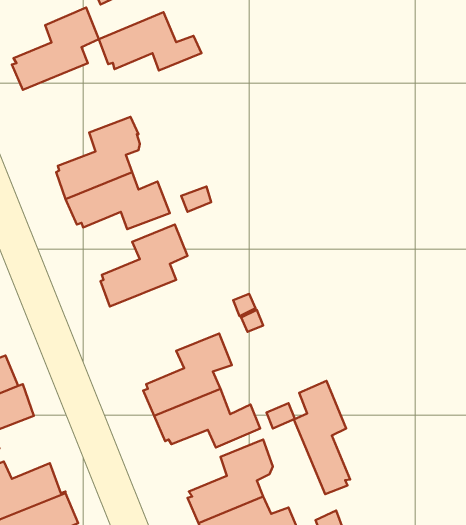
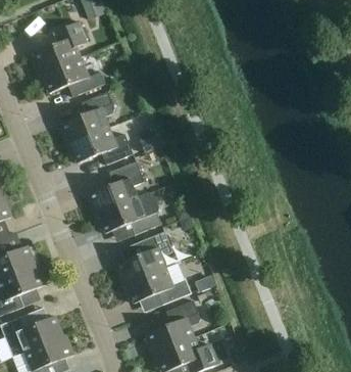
building: [99,12,202,71] -> [38,57,104,95]
building: none -> [94,193,160,235]
building: [294,381,350,494] -> none

